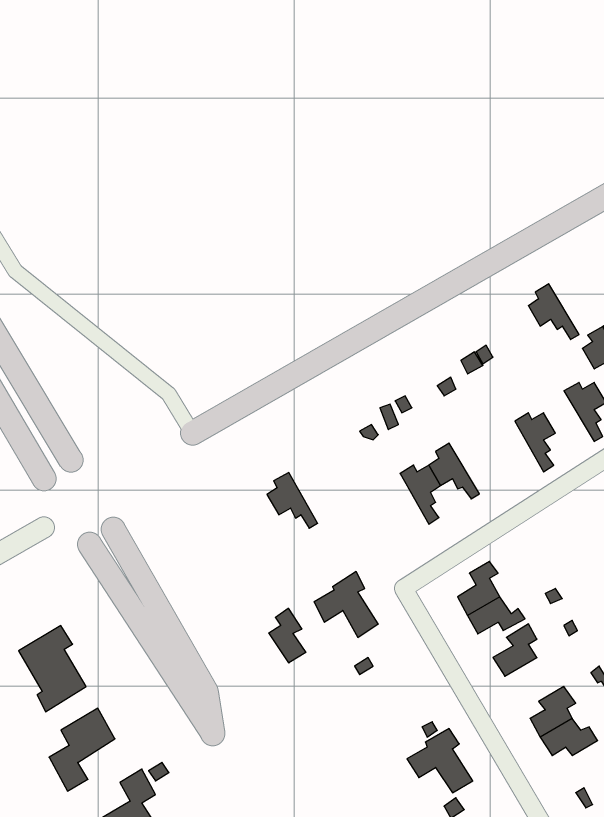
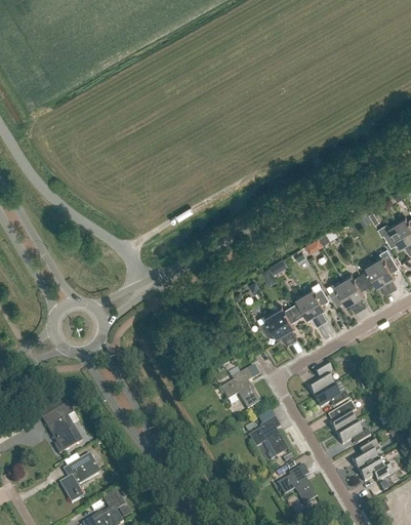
building: [528,284,579,340] -> [361,259,392,293]
building: none -> [330,278,361,312]
building: none -> [303,286,329,322]
building: [267,473,318,528] -> [260,310,291,344]
building: [269,608,306,663] -> none
building: none -> [249,416,289,456]
building: none -> [337,421,371,444]

